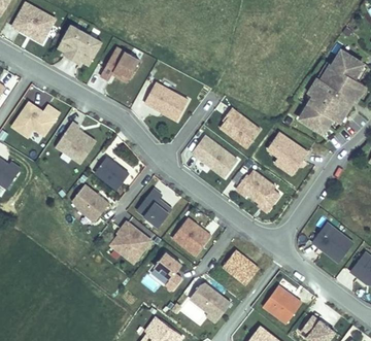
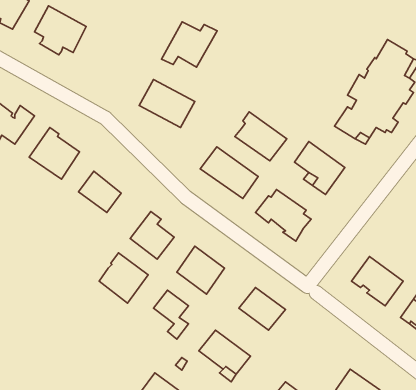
building: [99,45,143,81] -> [161,22,217,67]
building: [71,182,108,217] -> none
building: [262,283,301,321] -> none

